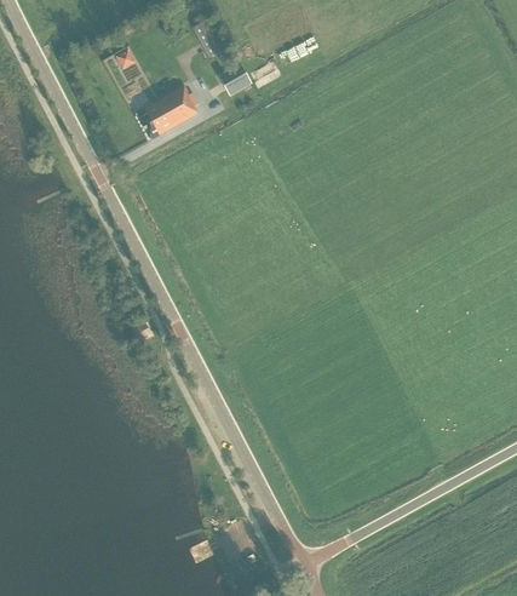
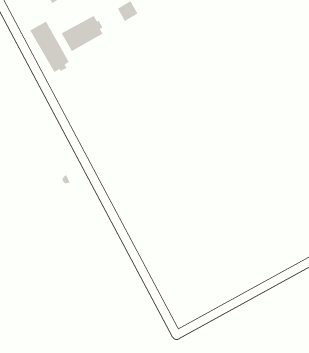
building: none -> [29,21,70,73]

